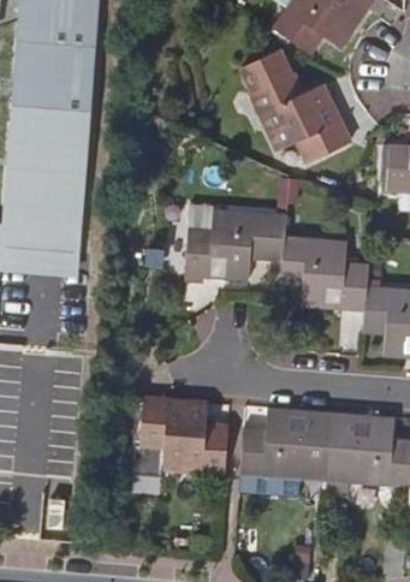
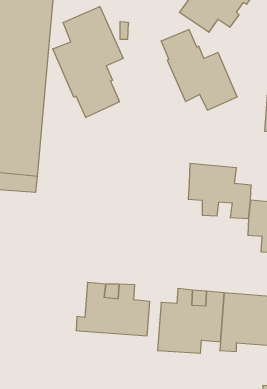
building: none -> [53,6,123,118]
building: [186,207,287,280] -> none

